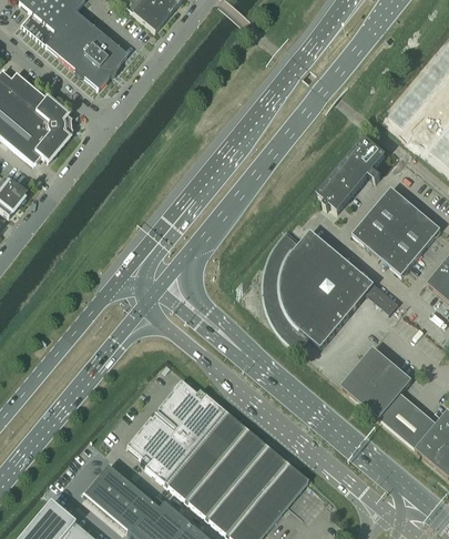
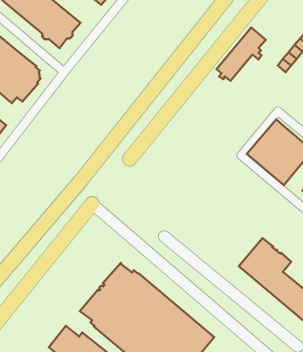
building: [318,138,385,210] -> [217,27,266,81]
building: [263,228,398,347] -> none

